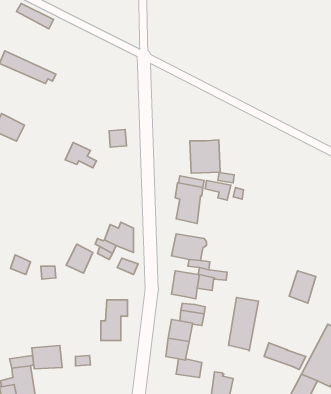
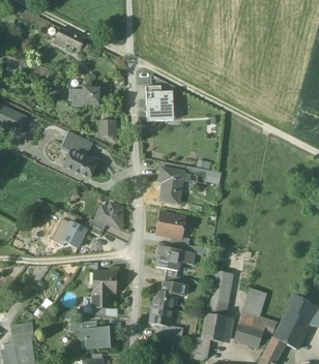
building: none -> [54,27,84,53]
building: none -> [69,84,99,105]
building: [190,140,220,173] -> [146,91,173,121]
building: none -> [63,148,95,178]
building: [289,271,316,303] -> [242,287,266,316]
building: none -> [201,312,226,341]
building: [32,346,62,369] -> [86,327,113,347]
building: none -> [233,323,262,346]

